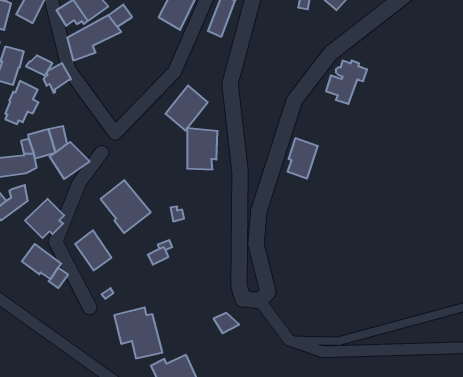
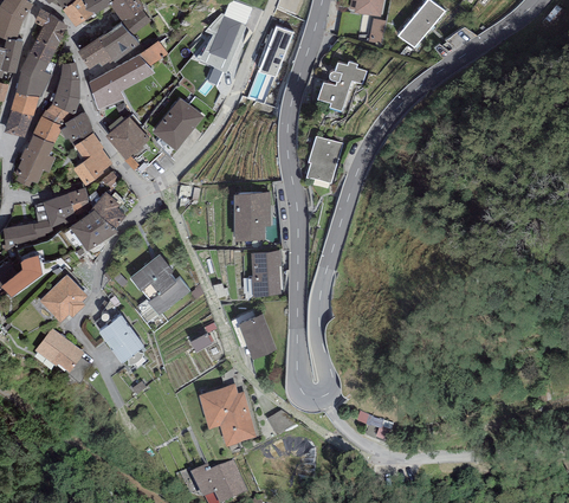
building: none -> [15,52,53,97]
building: none -> [52,59,80,112]
building: [326,61,367,104] -> [317,60,367,112]
building: none -> [105,114,149,159]
building: none -> [32,115,63,143]
building: none -> [73,131,112,182]
building: [165,85,208,131] -> [153,96,203,150]
building: none -> [92,191,125,227]
building: [287,138,318,179] -> [306,135,343,183]
building: none -> [251,250,280,298]
building: none -> [239,312,276,357]
building: [114,307,162,358] -> [199,383,257,445]

